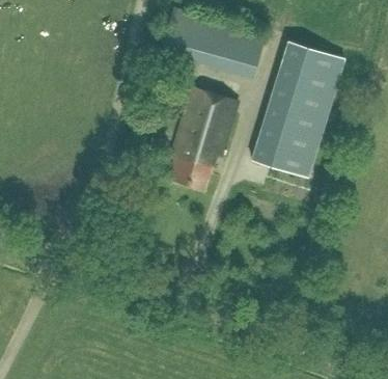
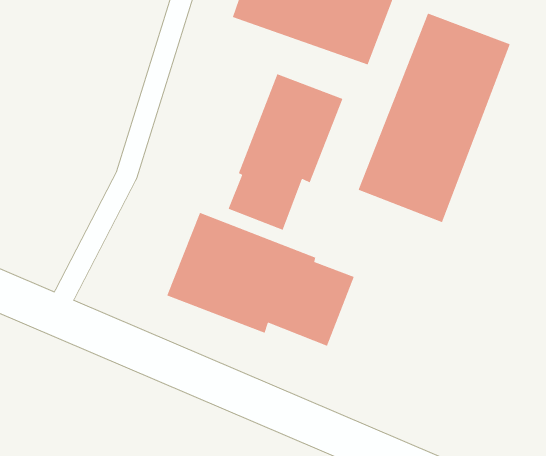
building: none -> [166,212,355,347]

